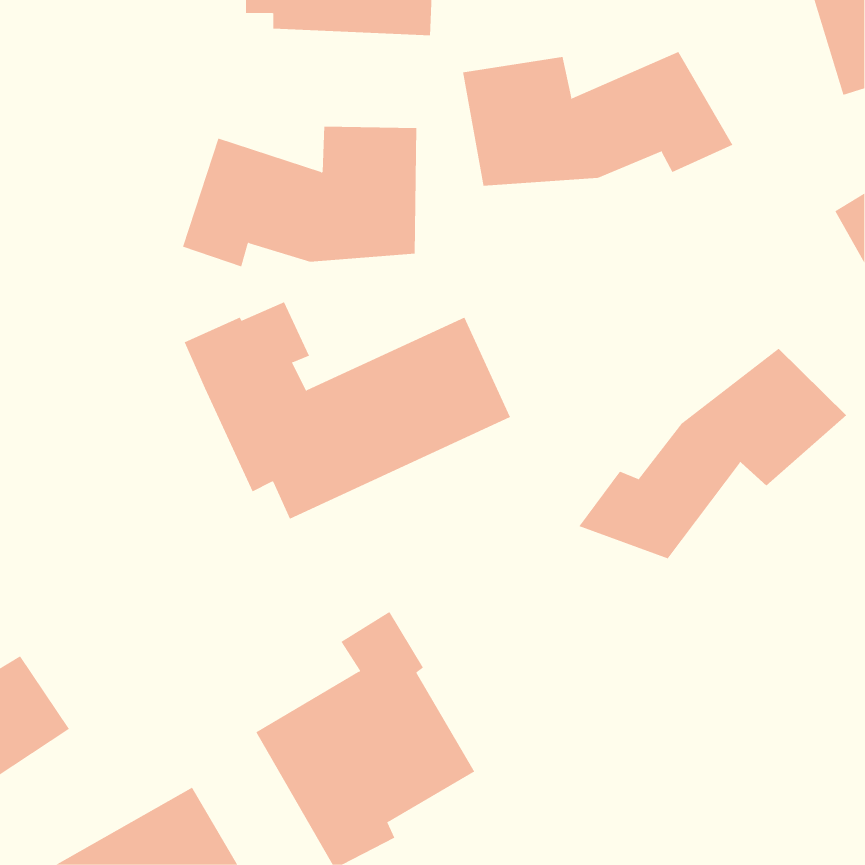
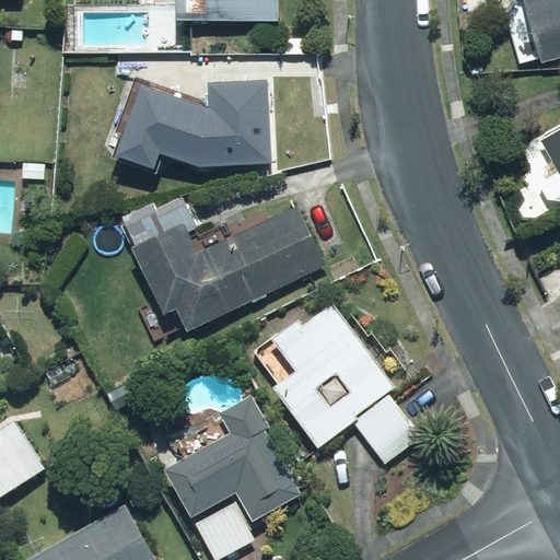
building: [462,51,733,186] -> none
building: [579,348,847,559] -> none
building: none -> [269,303,422,465]

